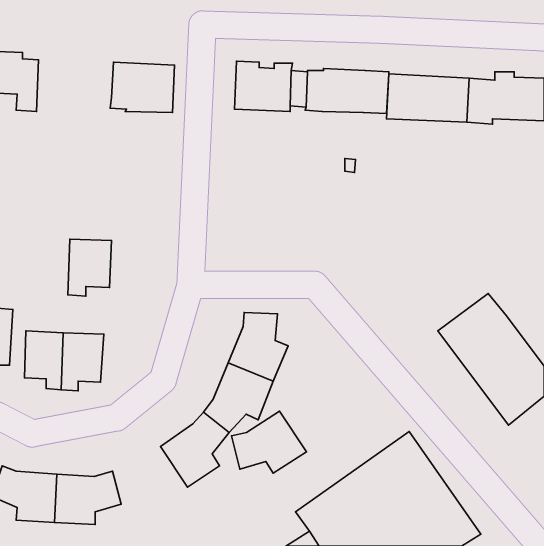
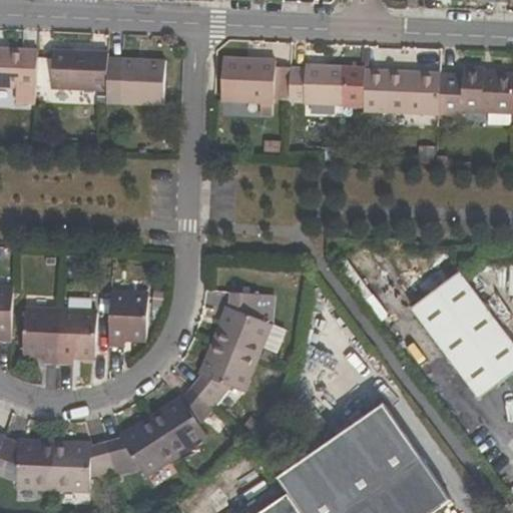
building: none -> [49,50,106,91]
building: [68,239,112,296] -> [106,295,147,348]
building: [231,411,306,473] -> [105,418,175,476]

